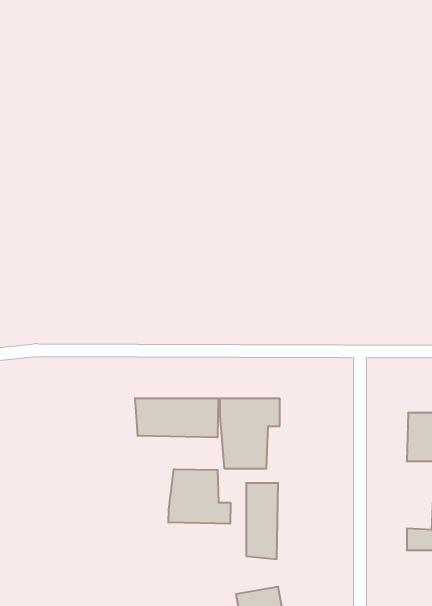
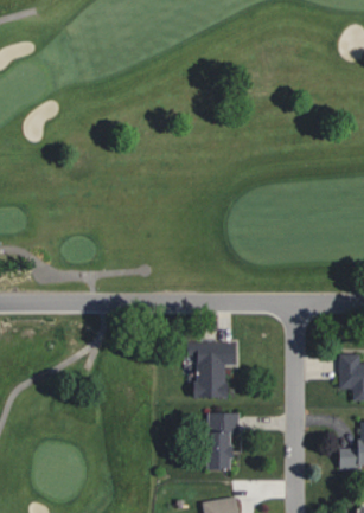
building: [135,398,218,438] -> none
building: [168,469,231,524] -> none

